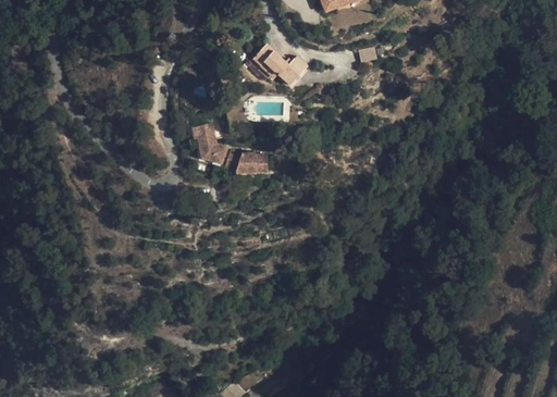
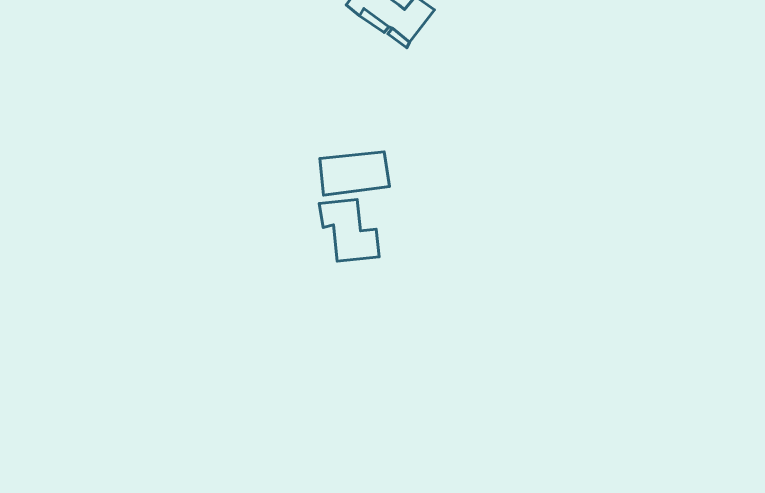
building: [191,125,225,162] -> [319,199,379,261]

